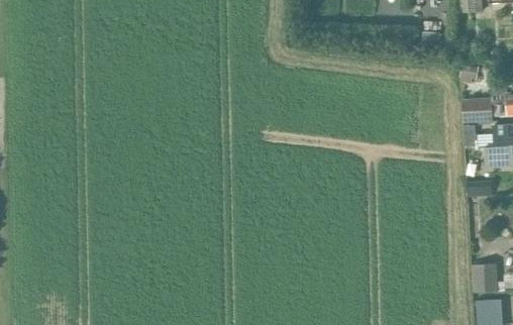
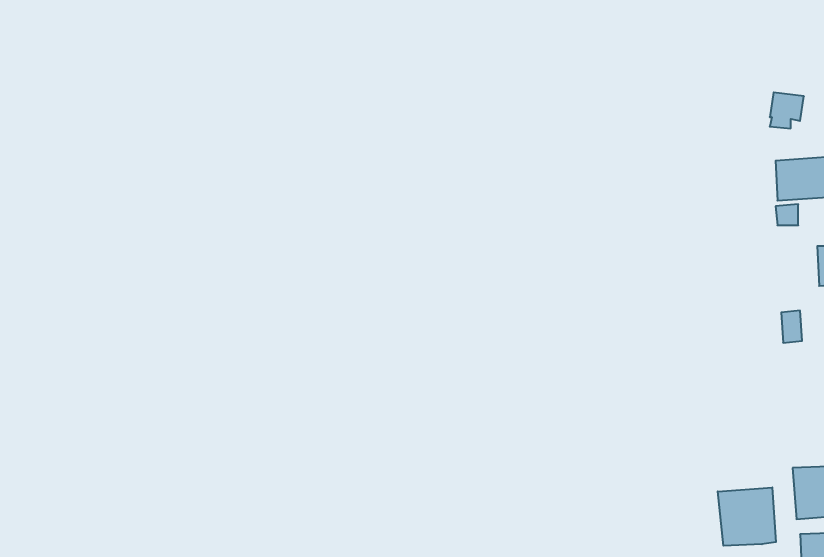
building: none -> [718,487,776,546]

